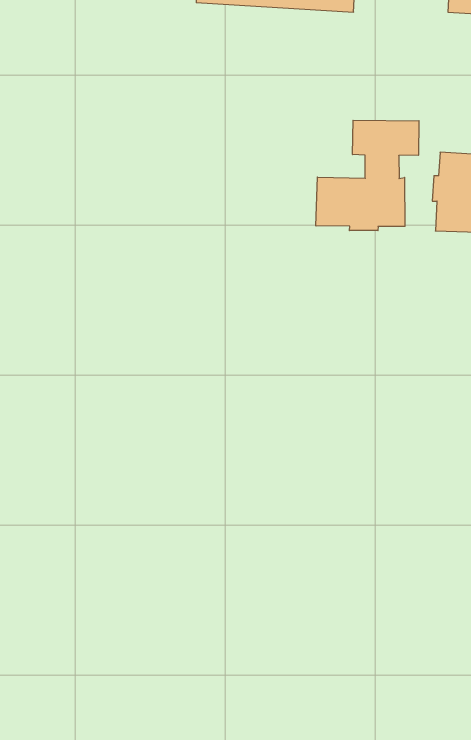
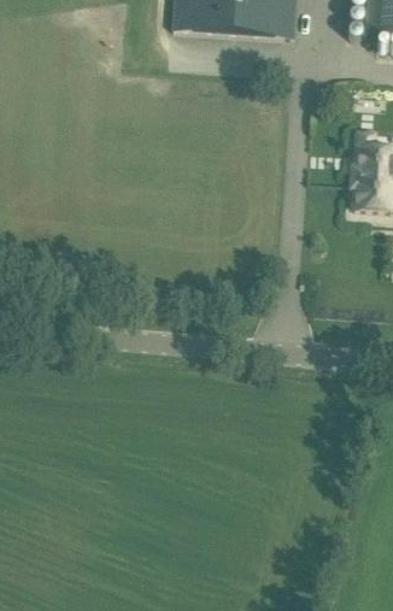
building: [316,120,419,231] -> none

